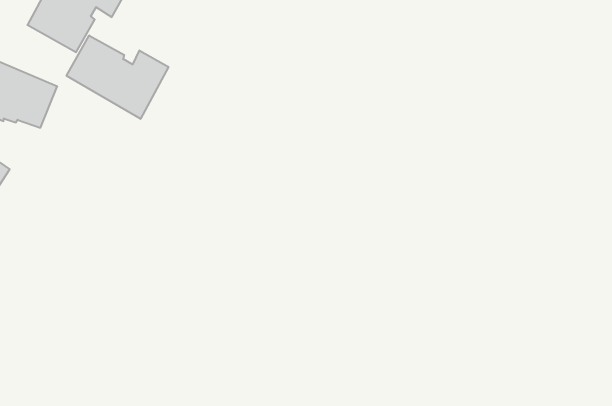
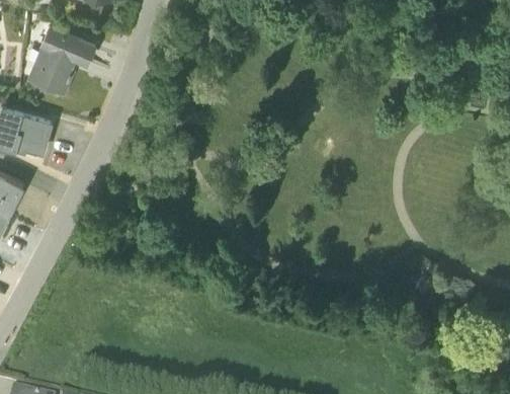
building: [67,35,168,119] -> none

